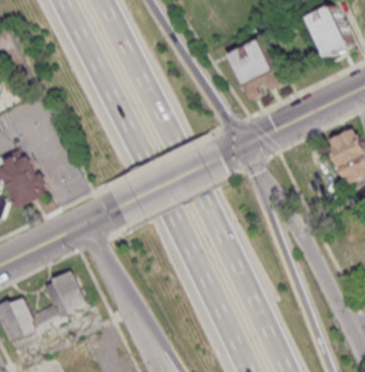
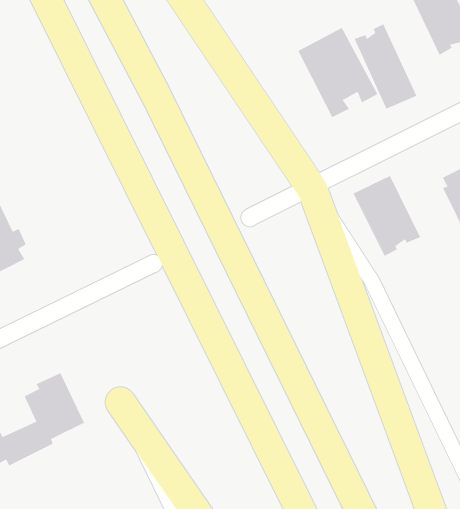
building: none -> [354,24,417,110]
building: none -> [353,175,421,257]

